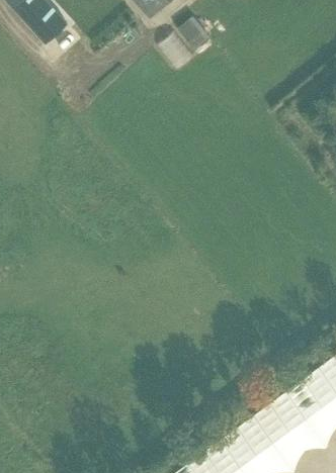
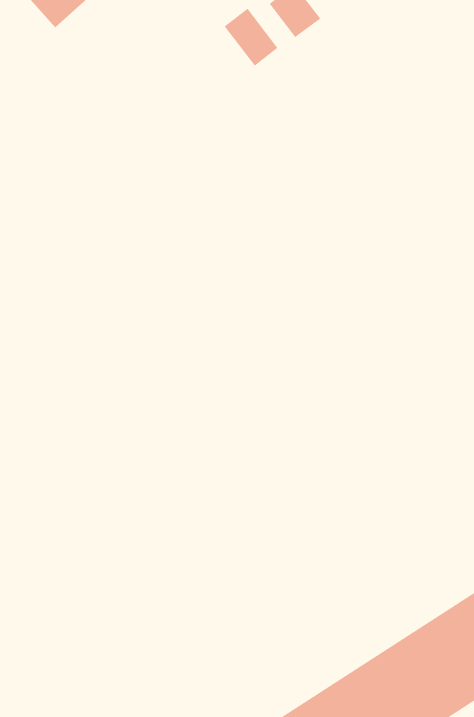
building: none -> [224,8,278,67]

